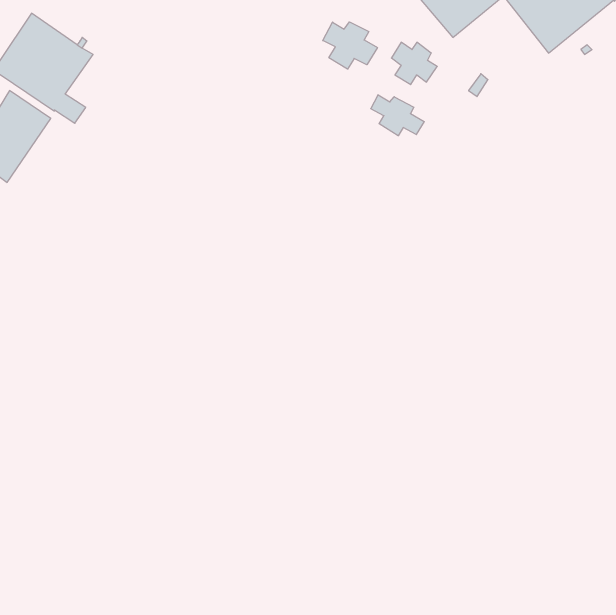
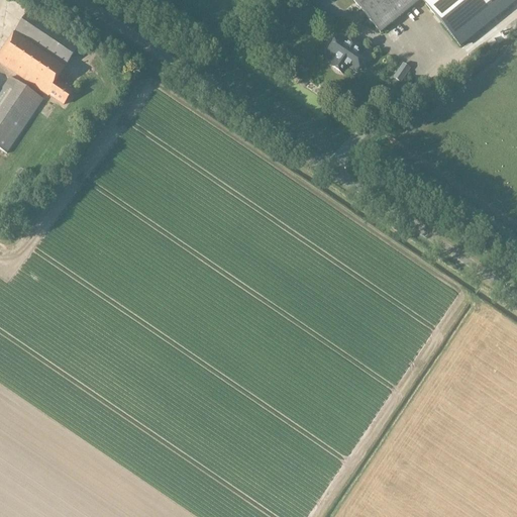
building: [323,22,377,69] -> none
building: [371,95,424,136] -> none

